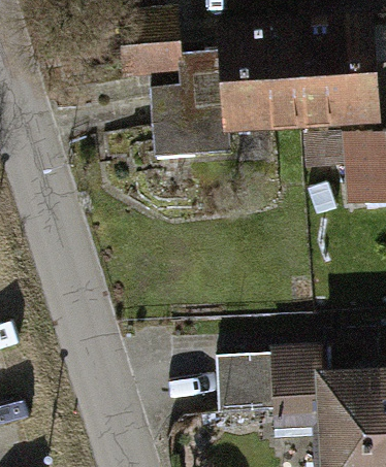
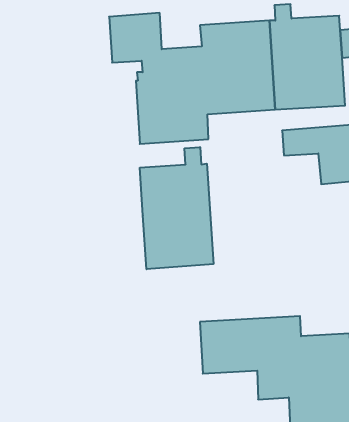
building: none -> [140,147,213,269]

